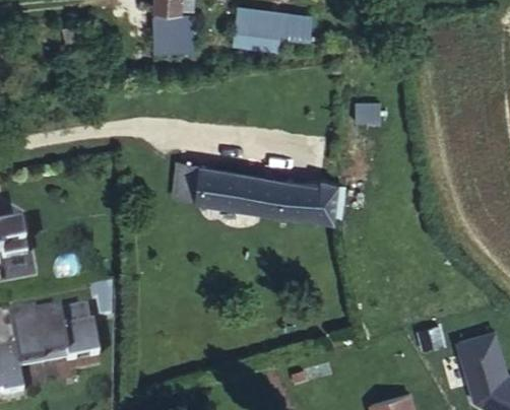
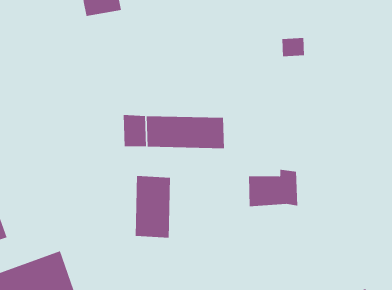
building: [280,182,337,224] -> [248,169,298,207]
building: none -> [135,175,170,238]

